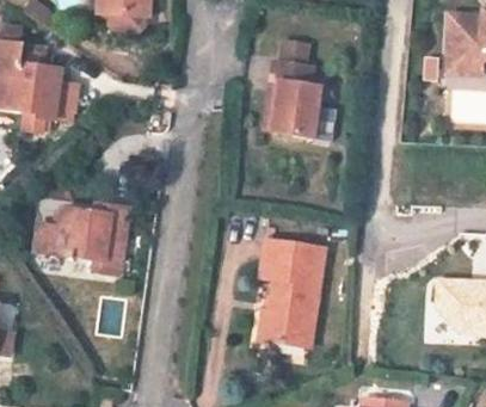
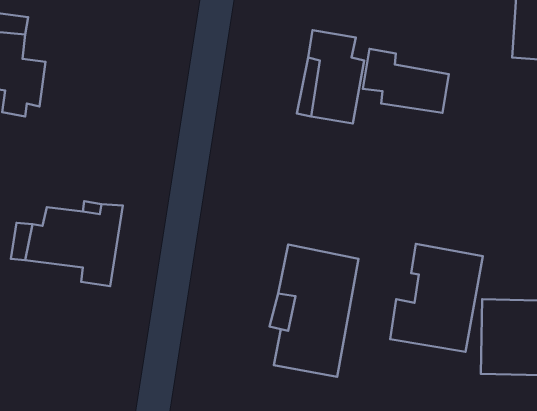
building: none -> [363,49,449,113]
building: none -> [390,244,483,352]

